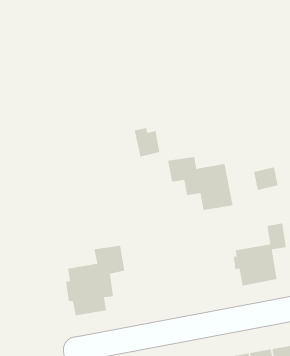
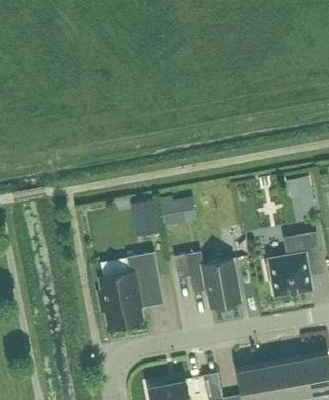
building: [134,127,160,158] -> [159,197,185,228]
building: [167,156,233,211] -> [174,253,240,308]

